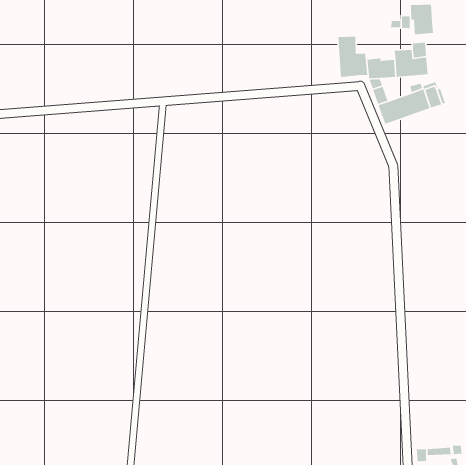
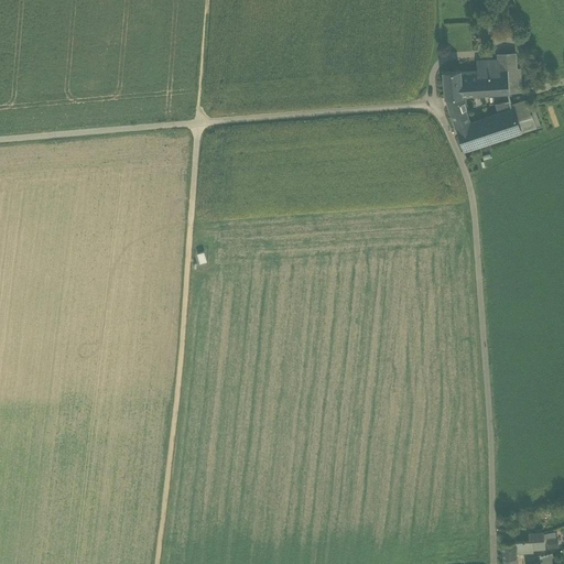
building: [410,4,434,35] -> none
building: [337,36,368,78] -> none

